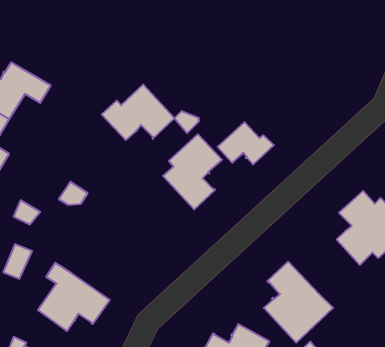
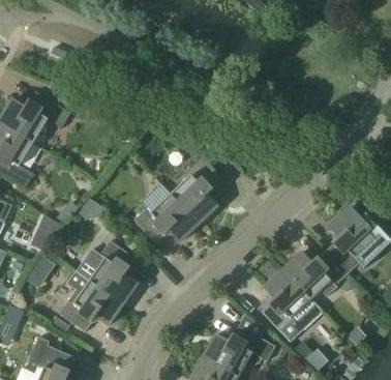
building: [102,84,175,140] -> [133,194,199,243]
building: [218,122,274,165] -> none
building: none -> [89,241,138,304]
building: none -> [282,251,347,299]

